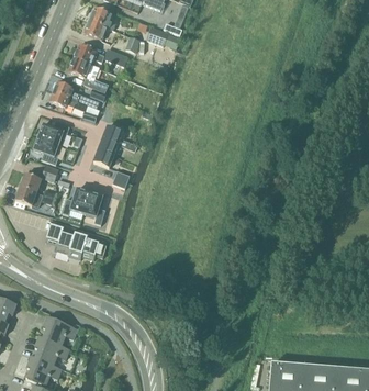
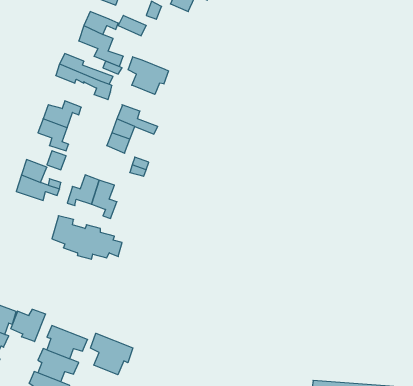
building: none -> [128,57,169,94]
building: none -> [11,309,46,342]
building: none -> [91,333,133,375]

